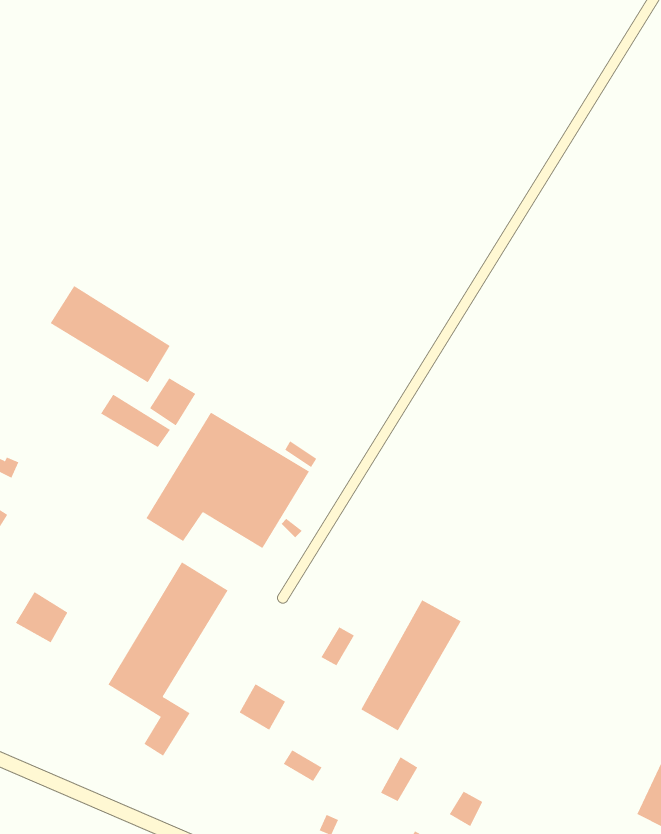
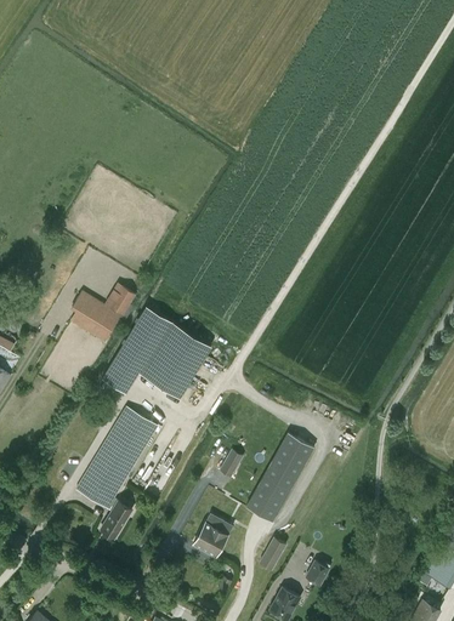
building: [50,285,171,383] -> none
building: [15,591,68,643] -> none
building: [239,683,286,730] -> [199,514,231,546]

